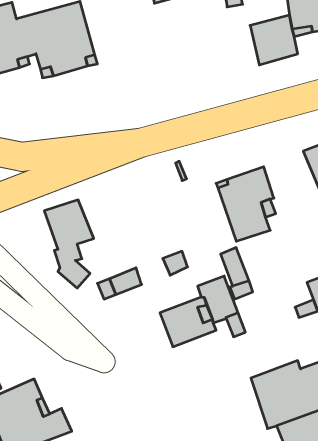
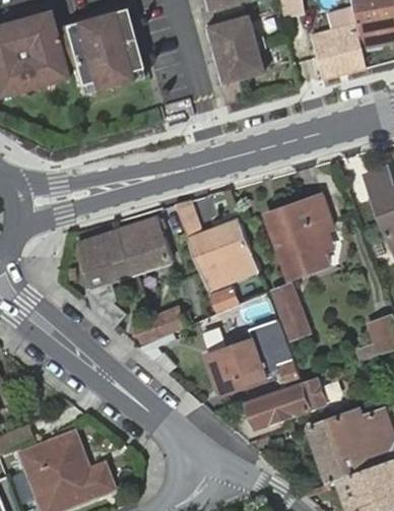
building: none -> [199,17,257,86]
building: none -> [175,199,260,289]
building: none -> [117,217,173,273]
building: none -> [249,378,328,427]

